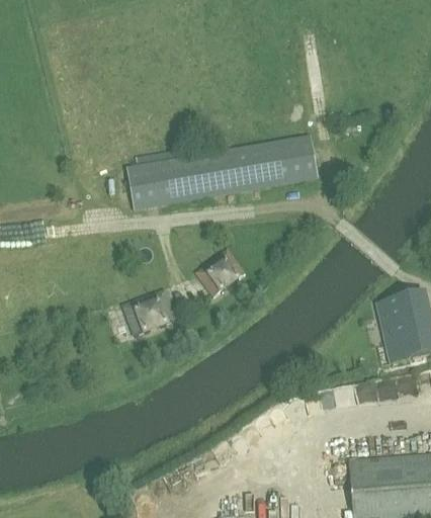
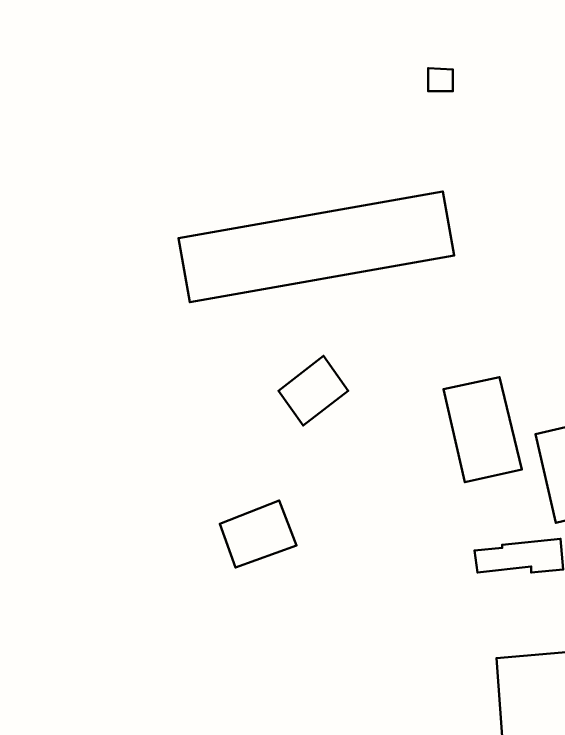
building: none -> [443,377,522,482]
building: [122,288,176,335] -> [220,500,297,567]

